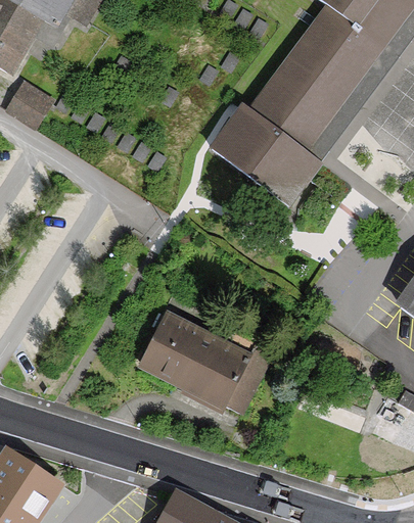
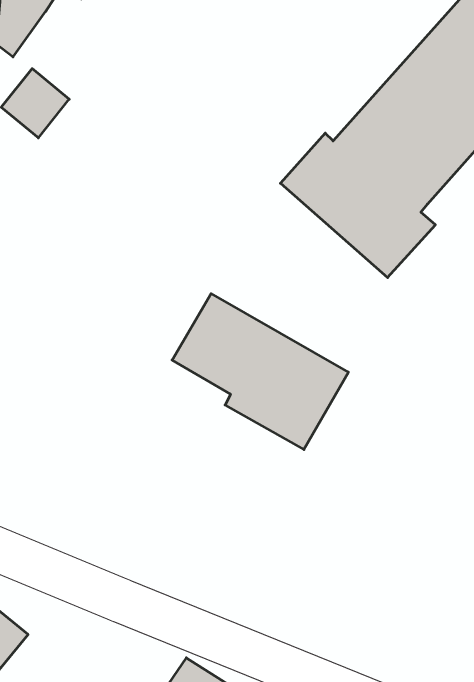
building: [137,313,264,418] -> [172,294,348,450]

